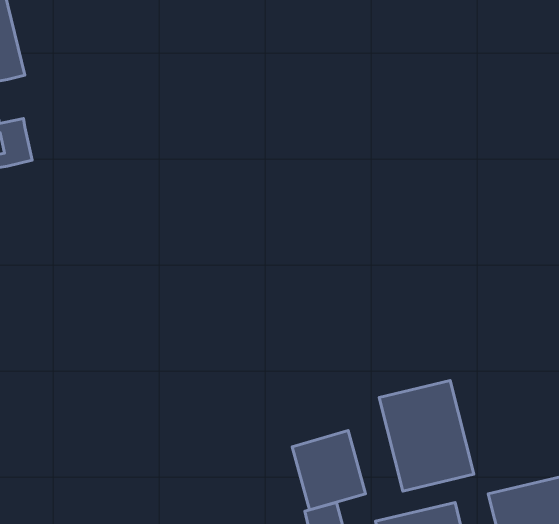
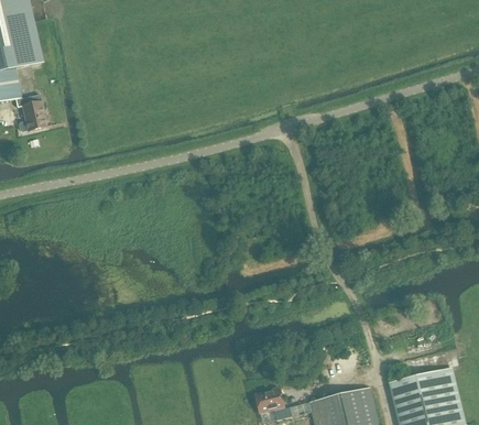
building: [379,380,474,491] -> none
building: [292,431,366,510] -> none

